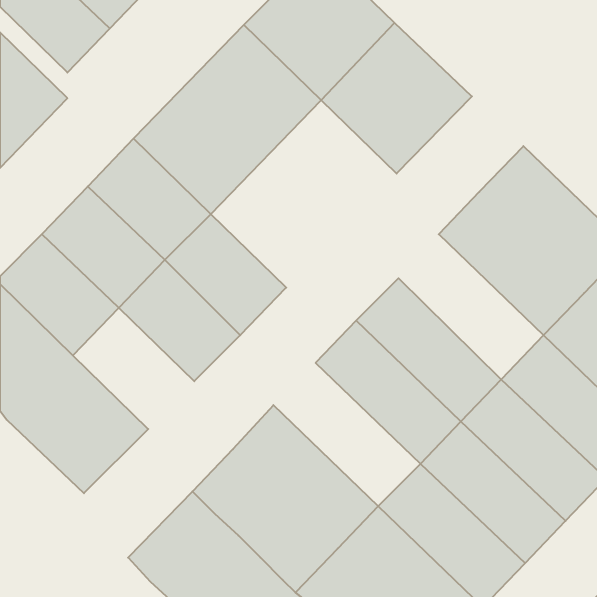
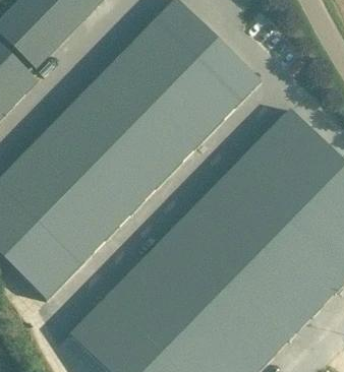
building: none -> [117,81,220,185]
building: none -> [221,156,301,236]
building: none -> [41,196,108,263]
building: none -> [152,227,233,306]

